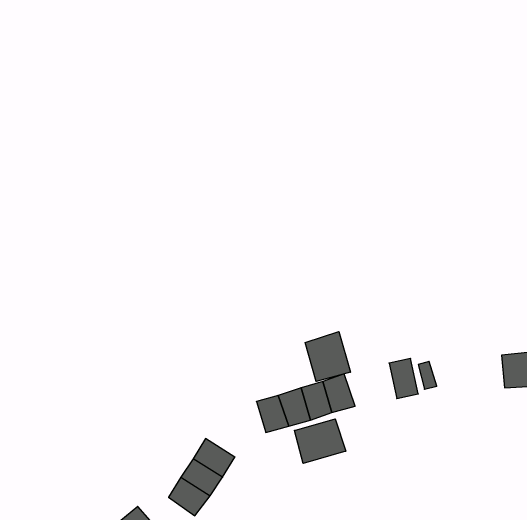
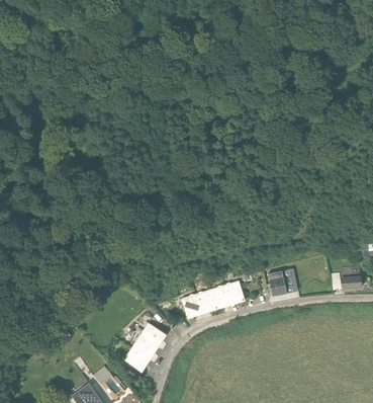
building: [305,332,350,381] -> none
building: [294,419,346,463] -> none

